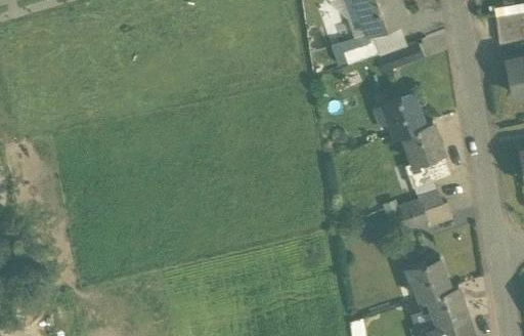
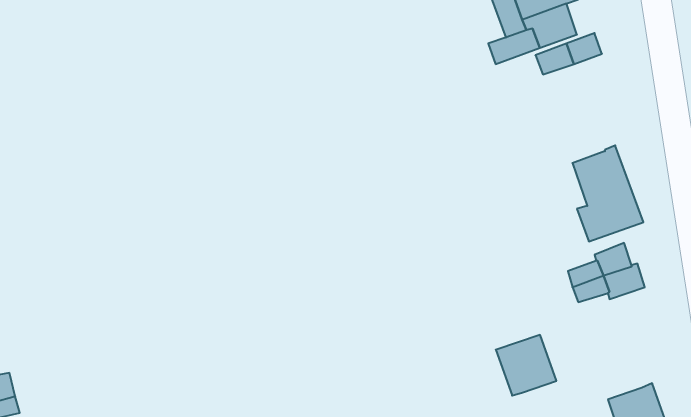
building: [382,93,424,136] -> none
building: [407,257,449,299] -> [496,335,556,396]

